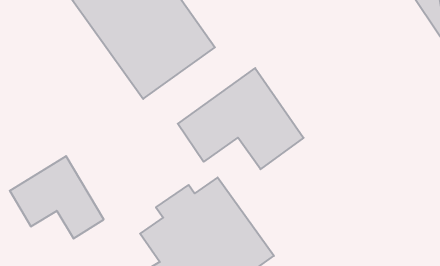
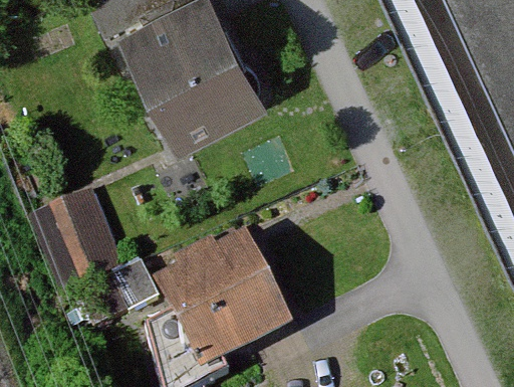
building: [178,68,304,169] -> none

